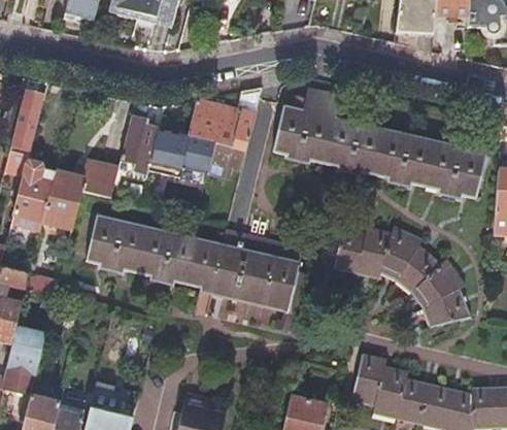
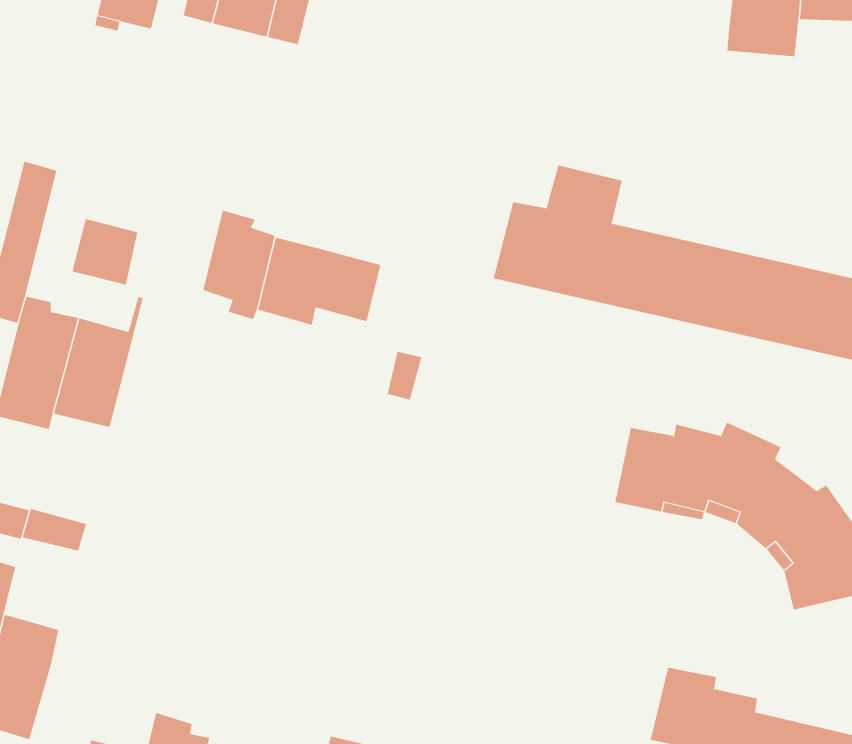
building: [187,88,260,177] -> none
building: [81,161,116,196] -> [72,219,138,285]
building: [86,218,302,310] -> none

